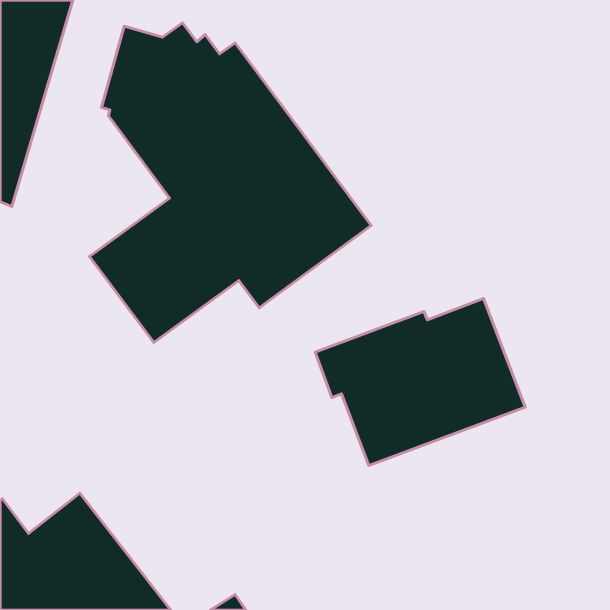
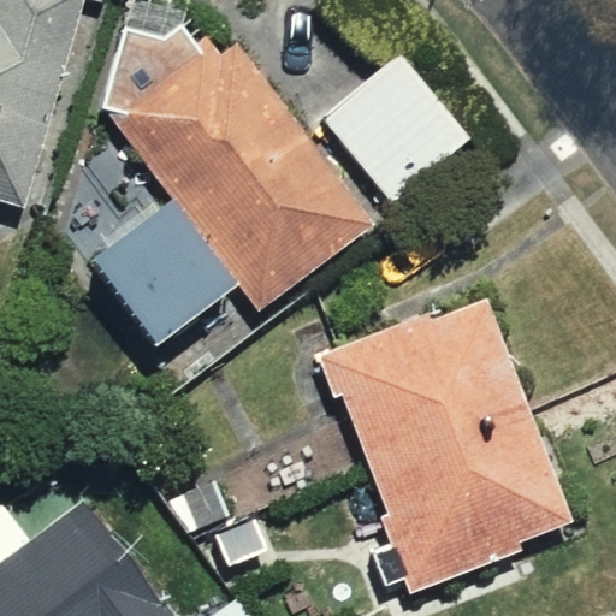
building: none -> [322,55,472,205]
building: none -> [372,410,571,593]

